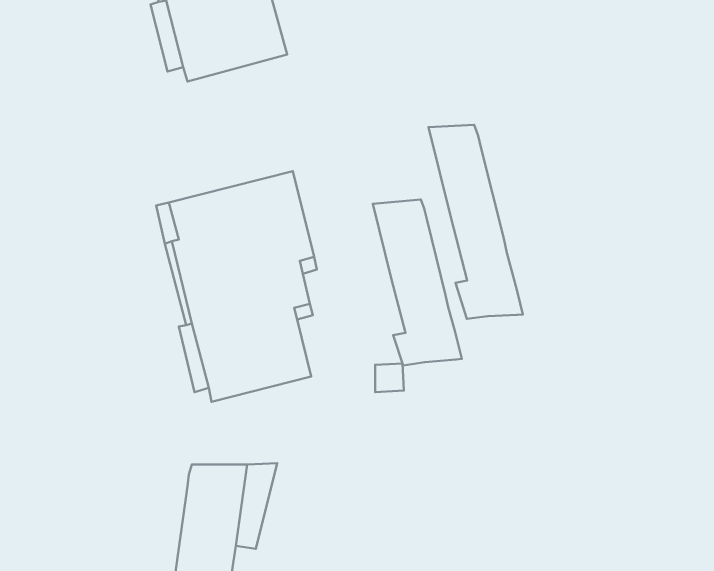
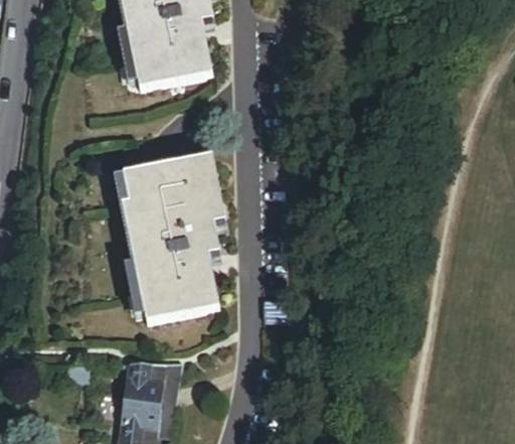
building: [429,125,523,319] -> none
building: [373,199,462,366] -> none

